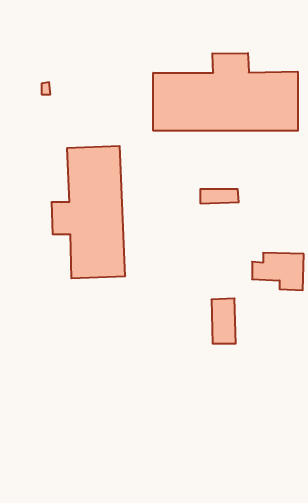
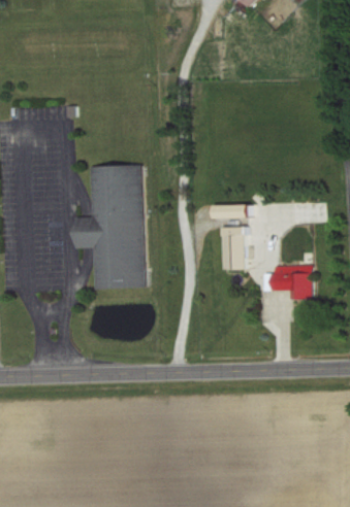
building: [153,53,298,131] -> none
building: [211,298,236,344] -> [222,227,245,269]

